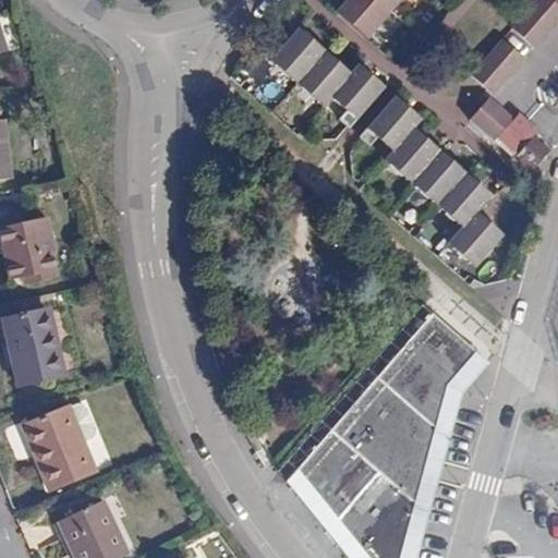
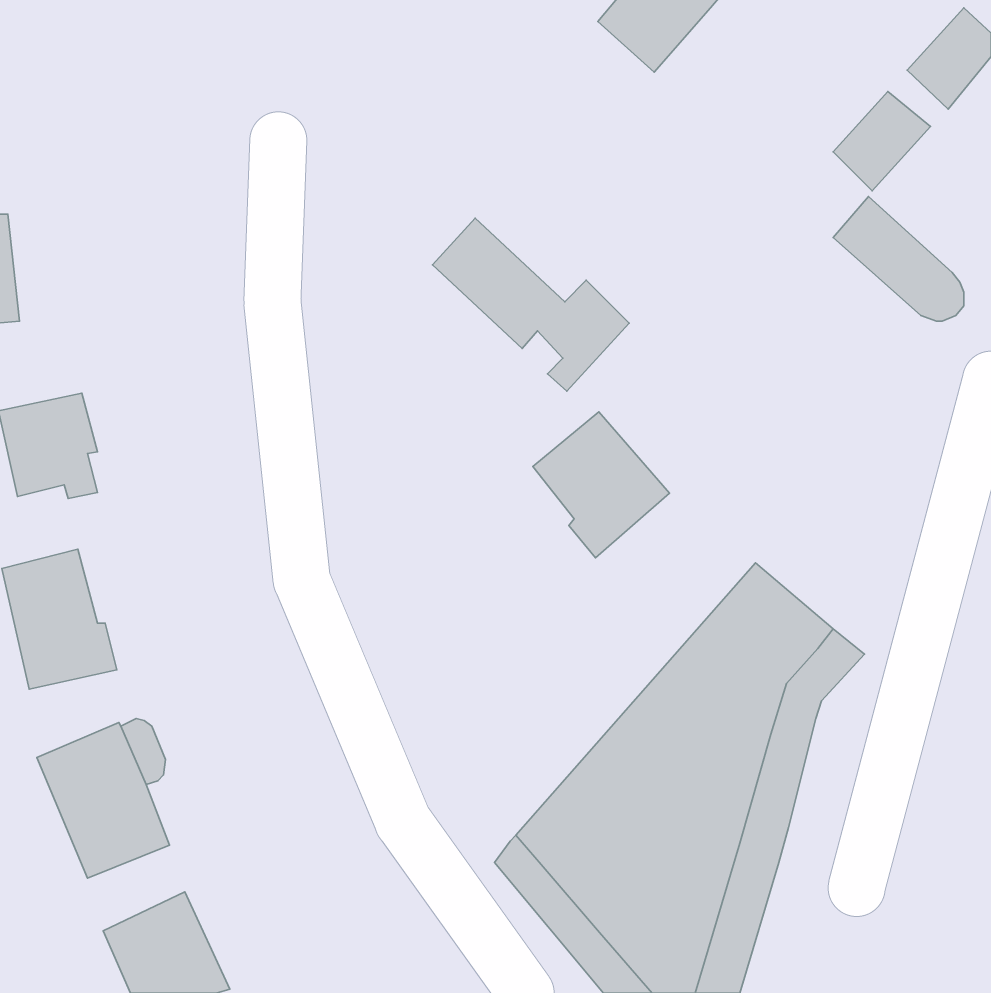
building: [277,27,387,124] -> [432,218,629,391]
building: [362,94,509,264] -> none
building: none -> [533,412,670,558]

